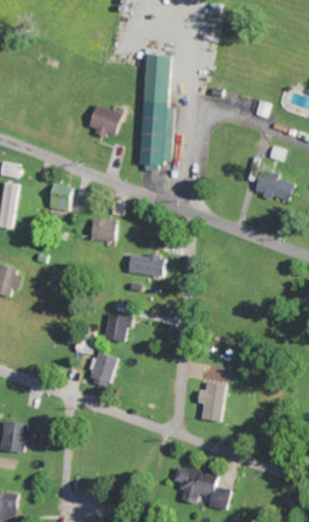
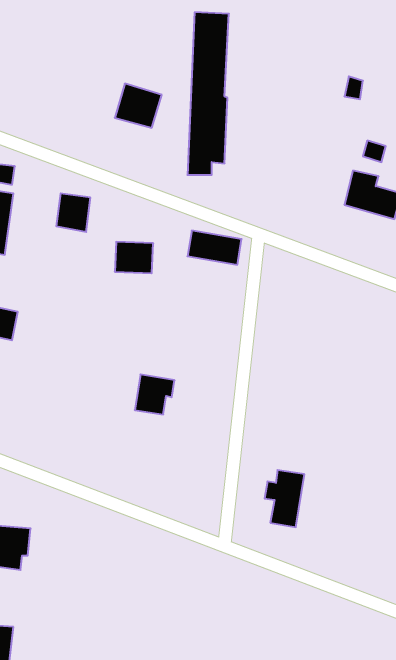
building: [126,252,165,276] -> [187,231,242,265]
building: [89,353,114,385] -> none
building: [171,464,229,509] -> none

